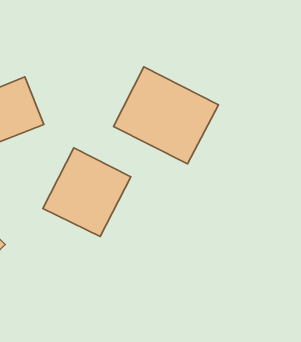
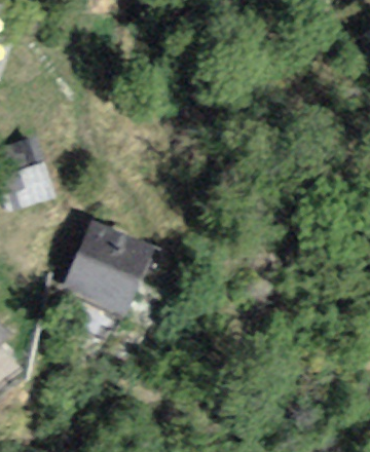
building: [114,67,218,164] -> none

